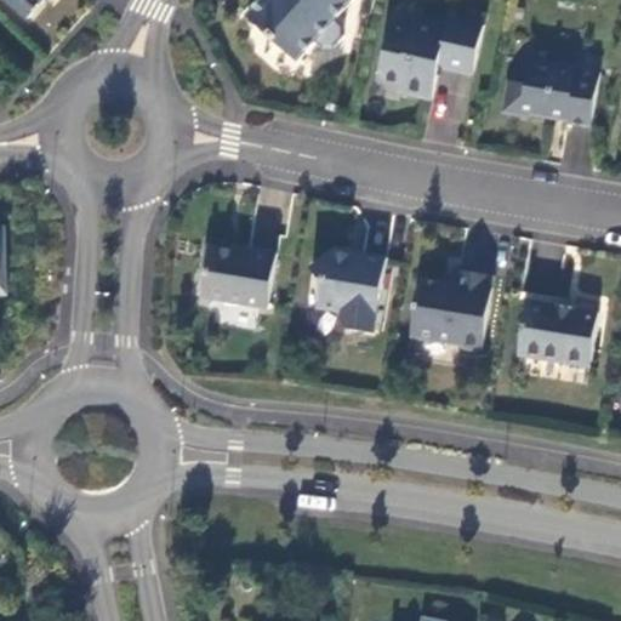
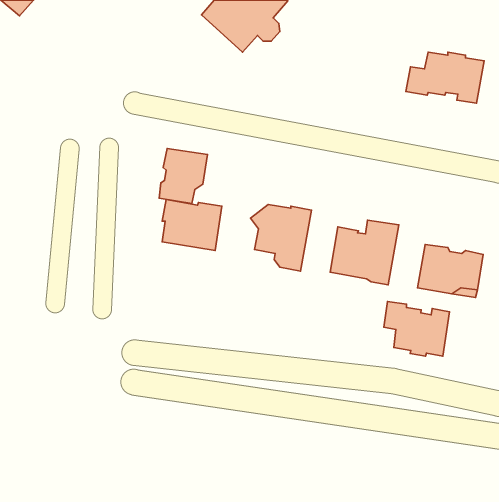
building: [377,11,484,101] -> none
building: none -> [159,149,207,204]
building: none -> [384,301,449,356]

